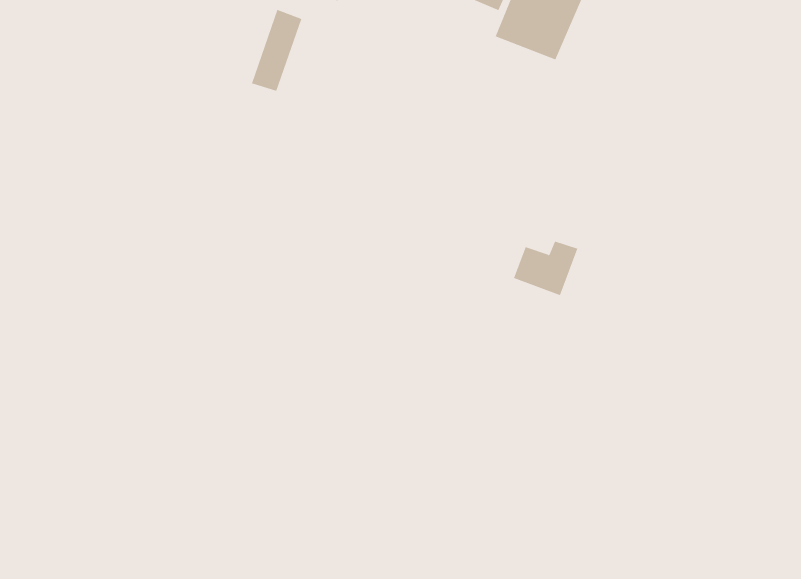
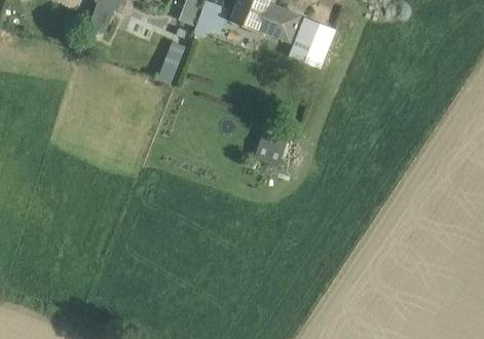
building: [513,241,578,296] -> [253,137,287,165]

